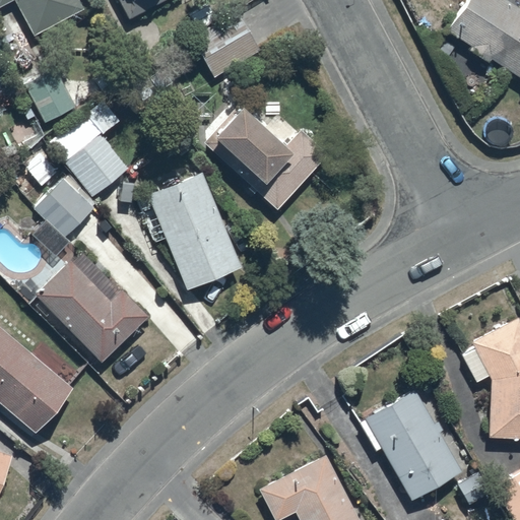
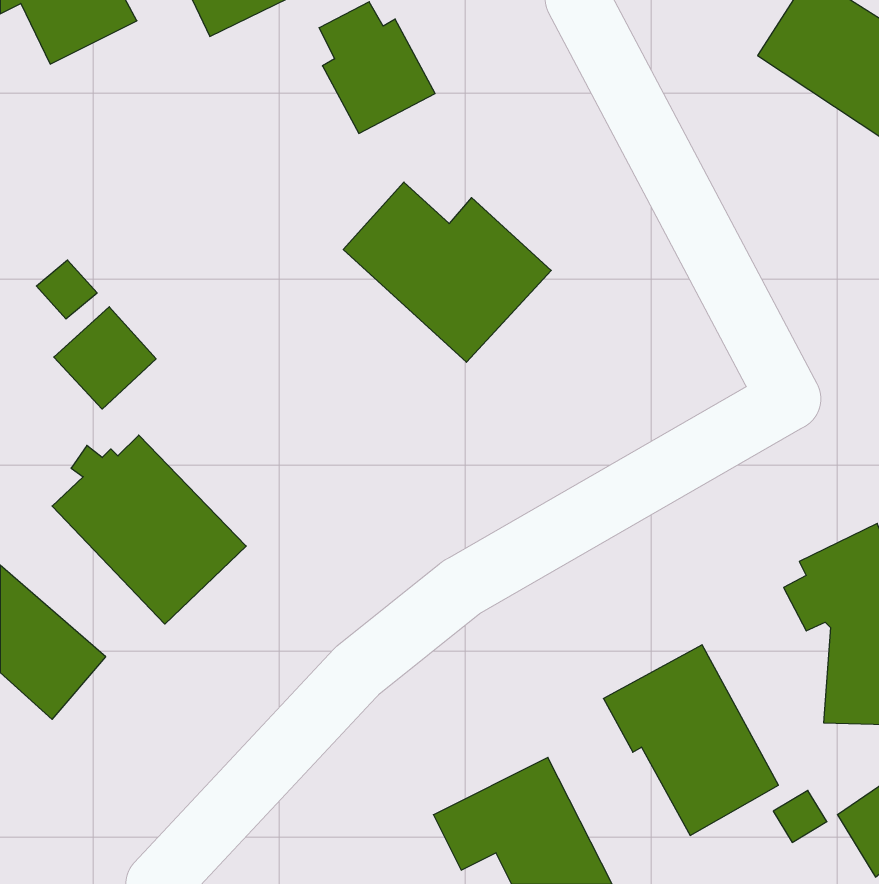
building: [24,70,75,125] -> none
building: [66,136,128,197] -> none
building: [148,177,242,294] -> none

